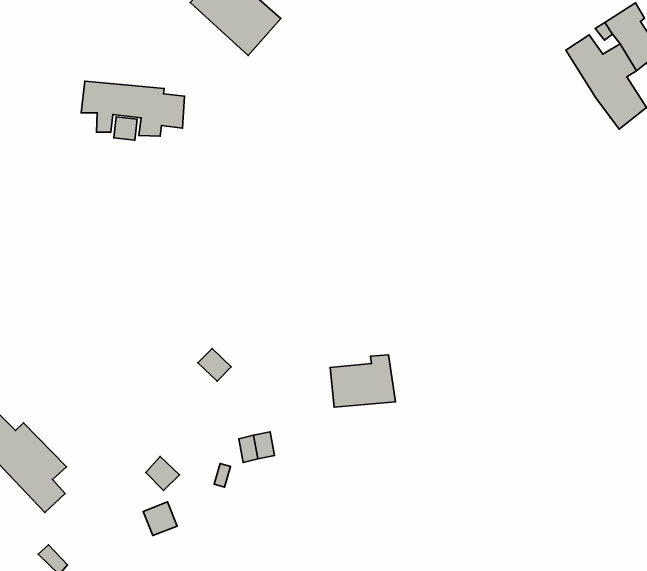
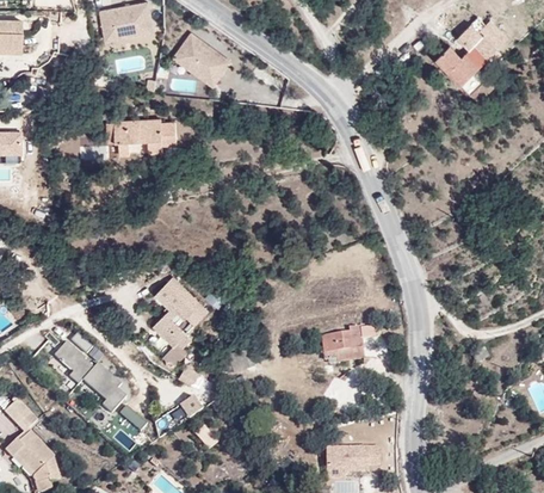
building: none -> [149,275,205,349]
building: [330,355,395,407] -> [313,327,359,366]

